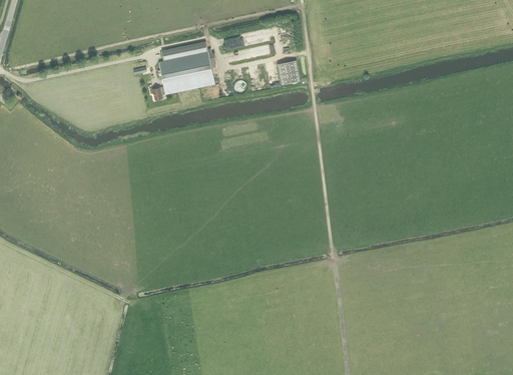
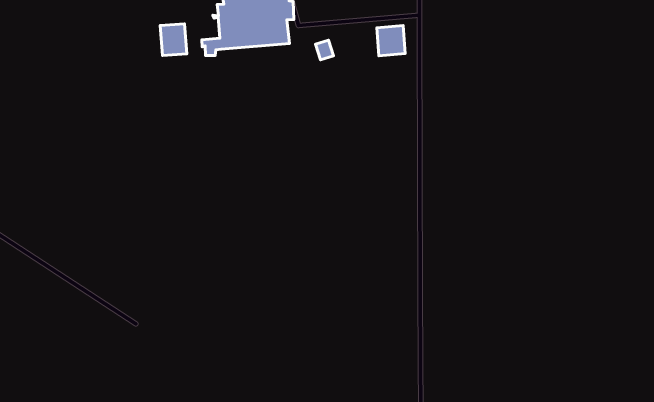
building: none -> [160,24,187,55]

